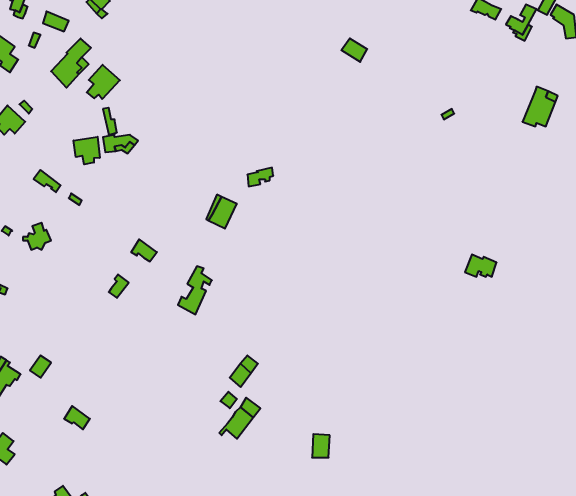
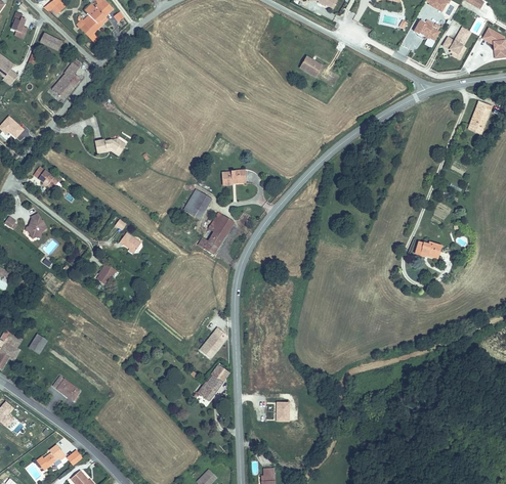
building: [87,65,120,99] -> none
building: [74,137,100,164] -> none
building: [178,266,212,314] -> [201,213,230,255]

